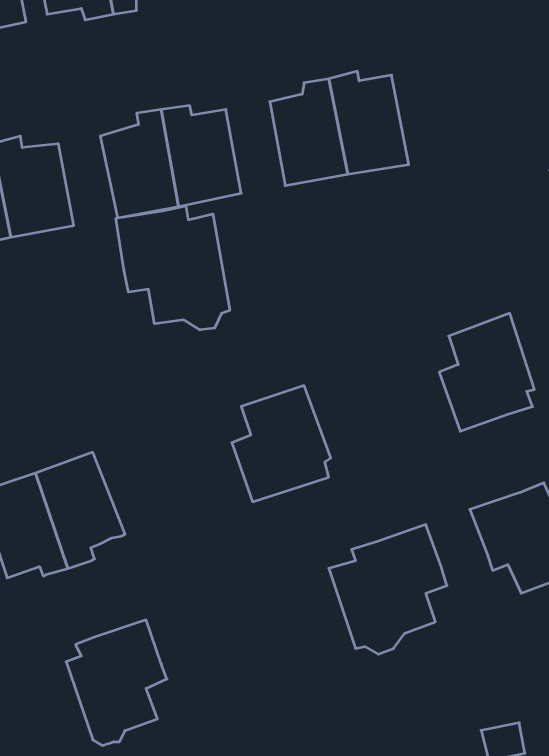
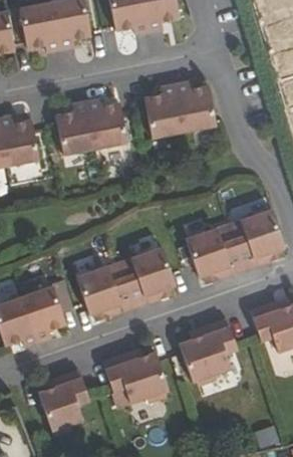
building: [116,206,230,330] -> none
building: none -> [186,224,244,282]
building: none -> [75,263,134,319]
building: none -> [102,347,170,403]

